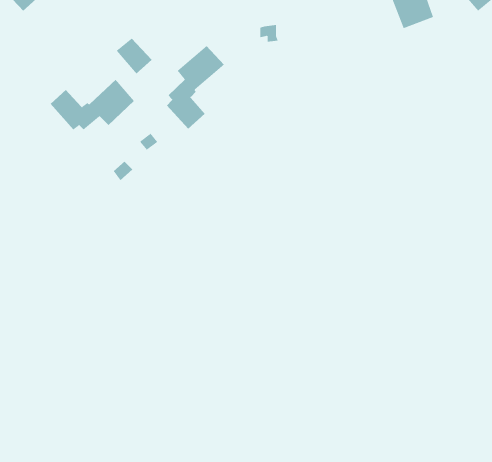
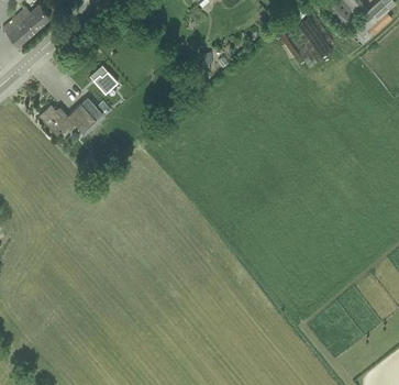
building: [166,45,225,130] -> none

